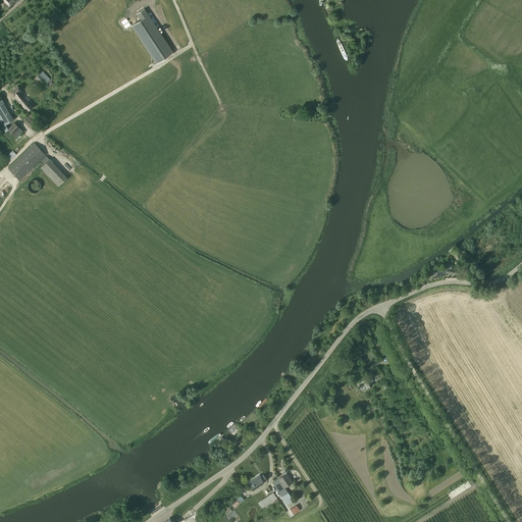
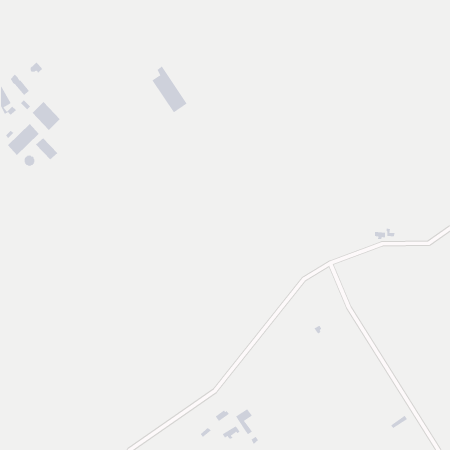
building: [132,8,173,63] -> [151,66,188,113]
building: none -> [32,101,61,131]

